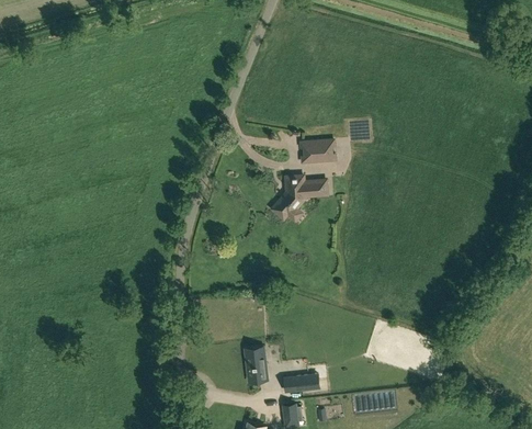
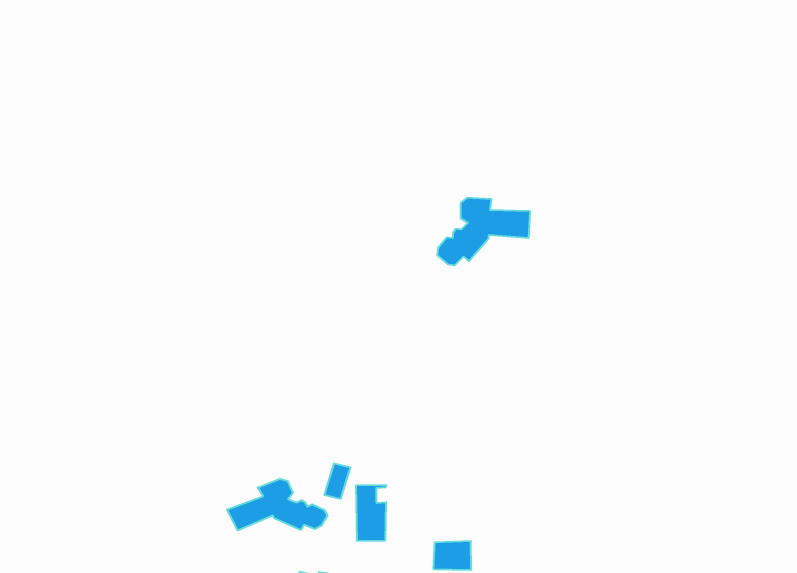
building: [301,140,335,162] -> none
building: none -> [227,479,328,530]

